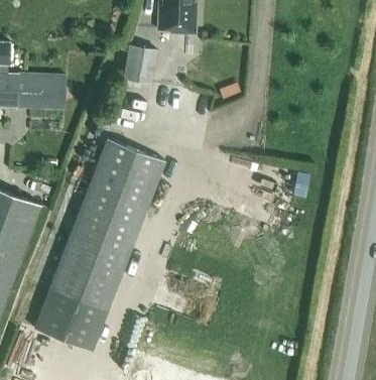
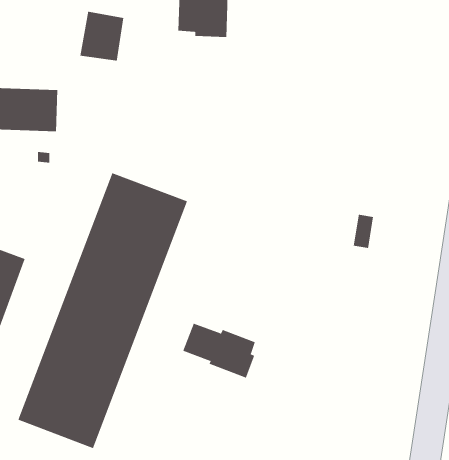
building: [122,45,156,84] -> [79,11,124,61]
building: none -> [183,323,255,378]

